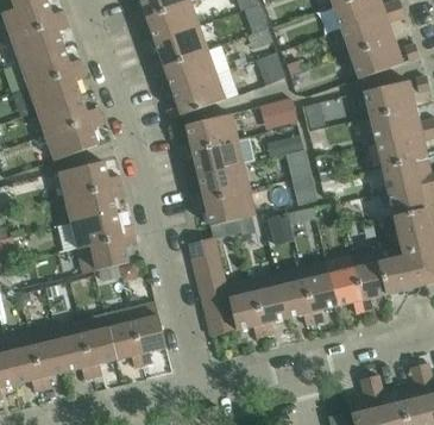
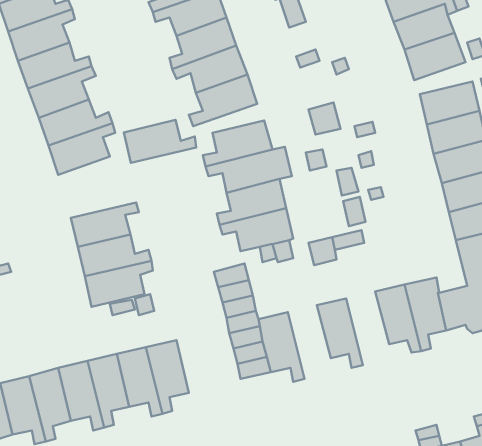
building: [58,161,120,198] -> [124,120,196,163]
building: [300,261,336,324] -> none
building: [250,273,287,336] -> none

